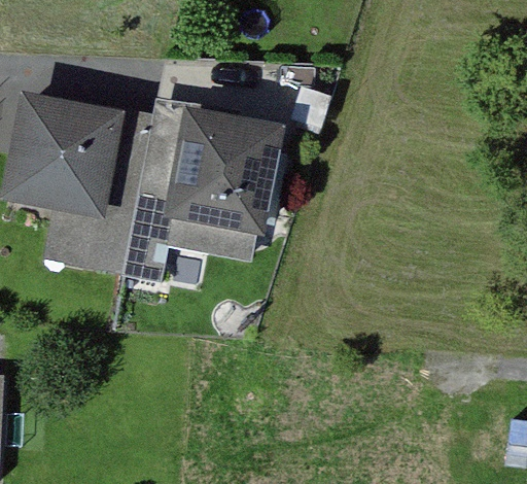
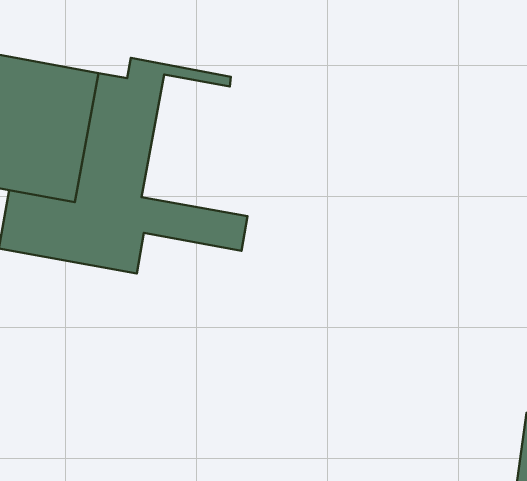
building: [164,110,286,235] -> none

